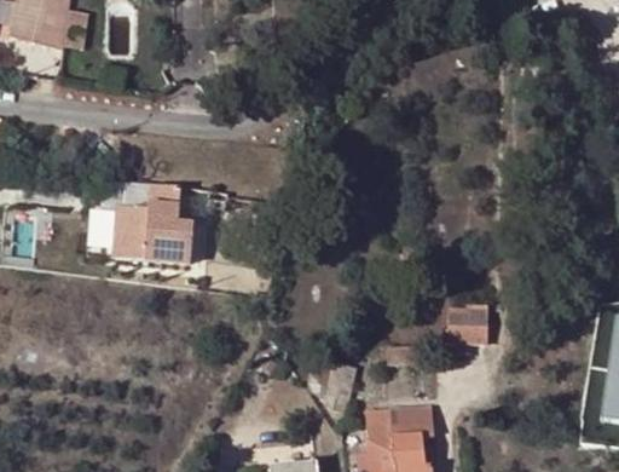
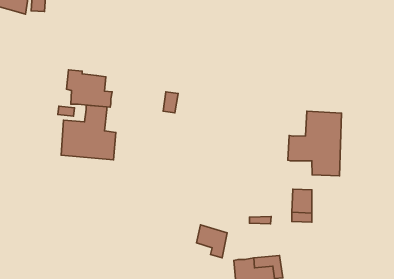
building: none -> [67,70,112,107]
building: none -> [288,111,341,176]

